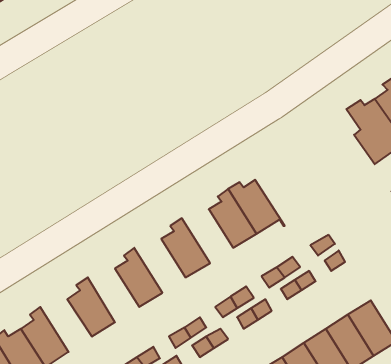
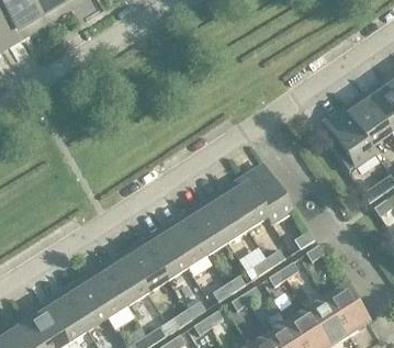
building: none -> [247,166,293,223]
building: none -> [184,209,228,255]
building: none -> [144,234,188,280]
building: none -> [104,259,148,305]
building: none -> [64,285,108,330]

